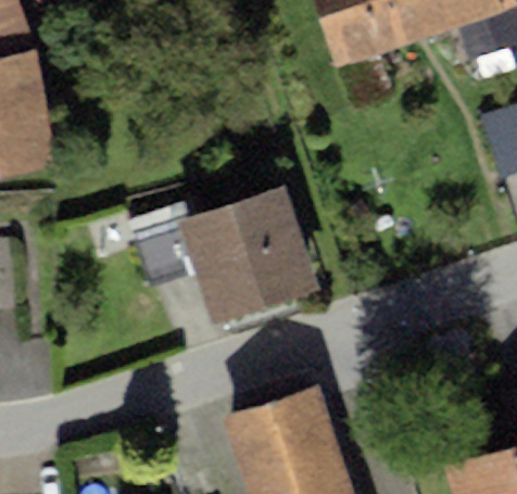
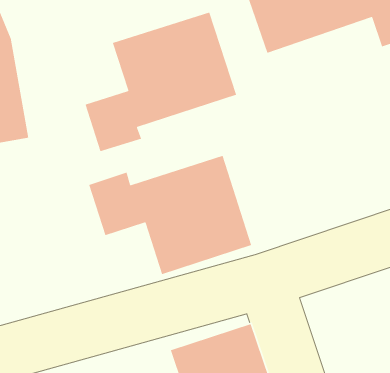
building: none -> [84,11,237,152]

